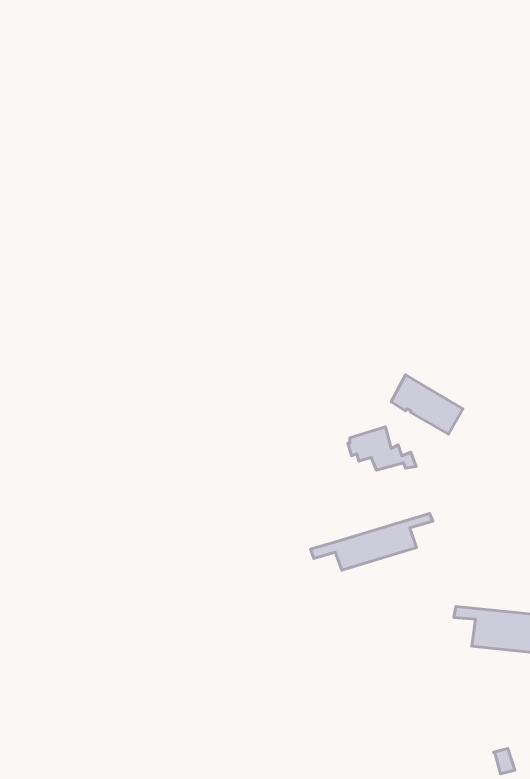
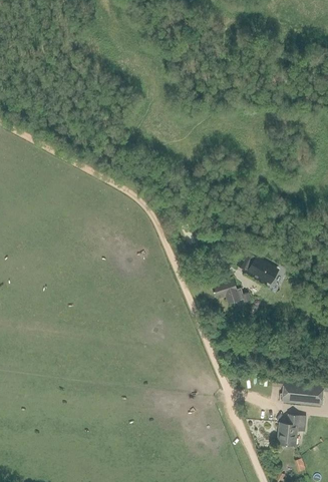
building: [311,514,433,570] -> none
building: none -> [277,414,305,445]

